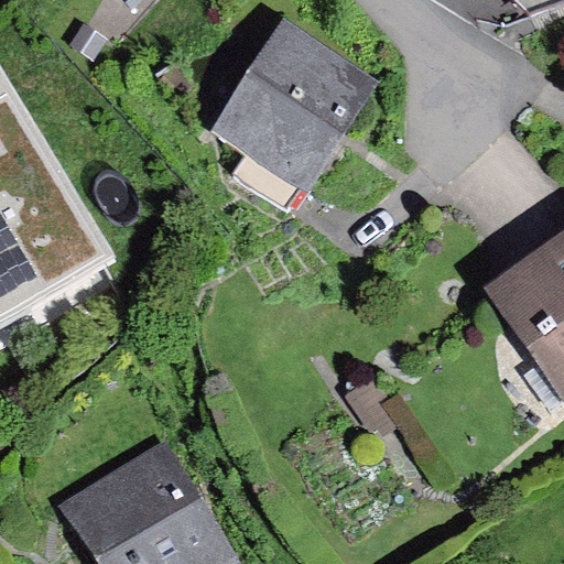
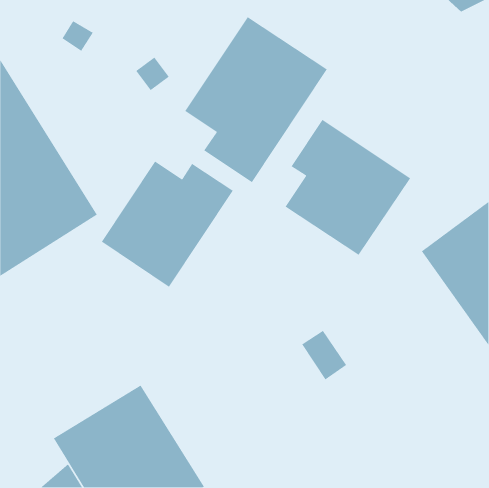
building: none -> [285,119,411,256]
building: none -> [101,161,234,288]

